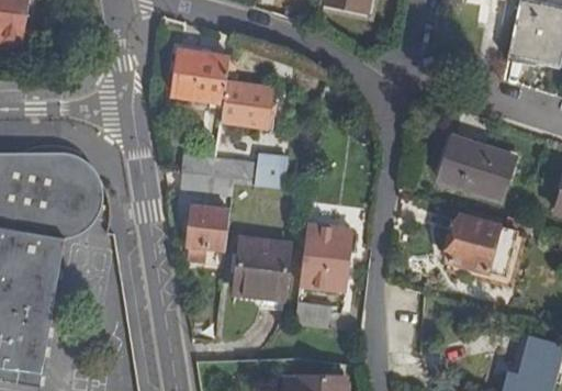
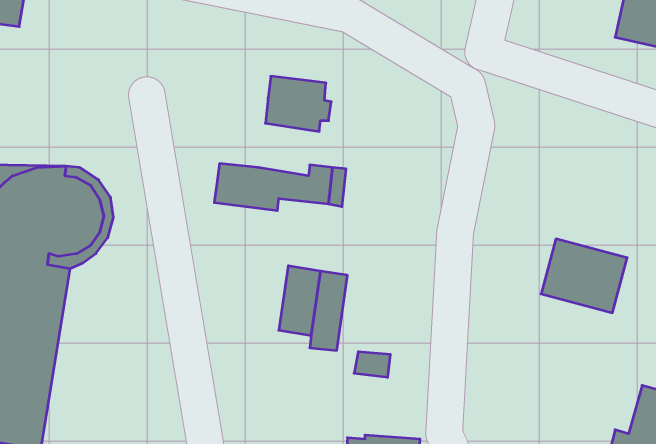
building: [176,48,232,100] -> none
building: [437,136,513,199] -> none
building: [188,204,231,259] -> none
building: [299,224,349,290] -> none

